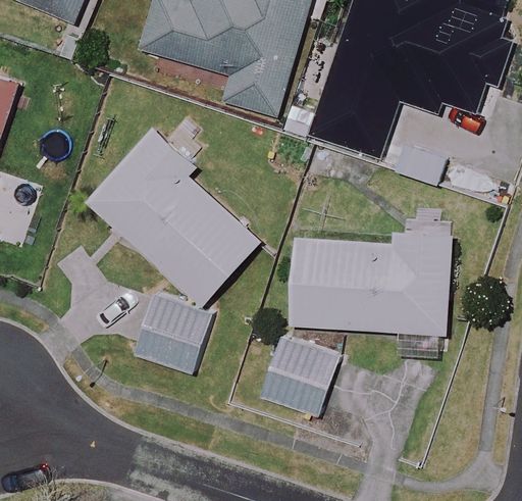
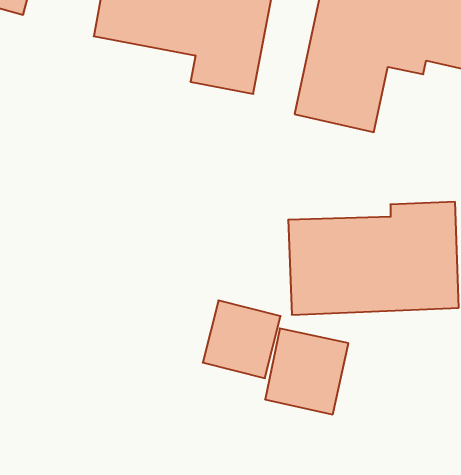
building: [87,127,259,303] -> none
building: [133,296,208,371] -> [203,300,281,378]

